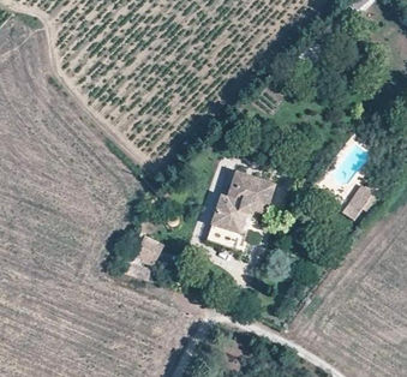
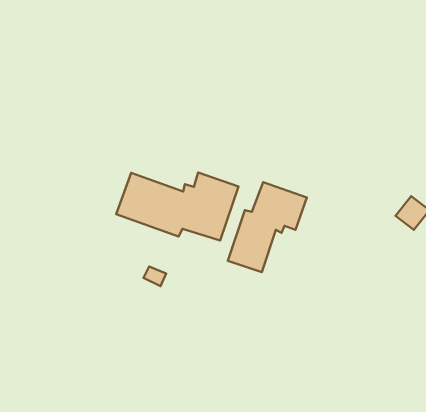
building: none -> [116,173,239,241]

